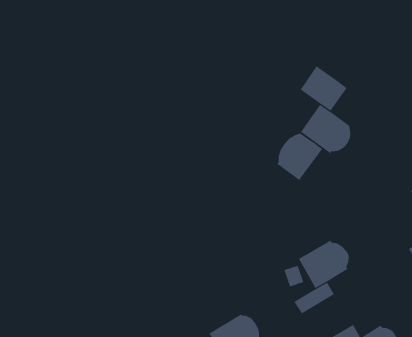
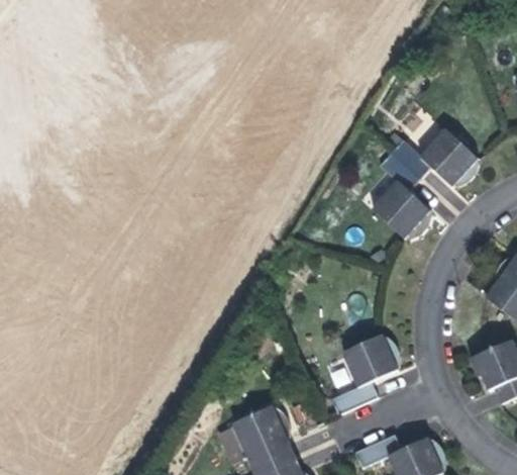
building: none -> [416,128,474,186]
building: [276,132,323,181] -> none

